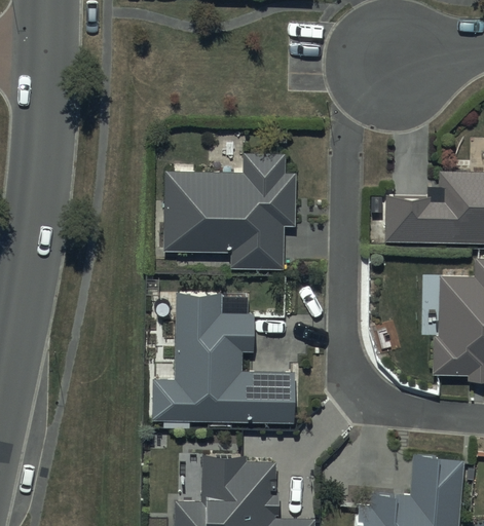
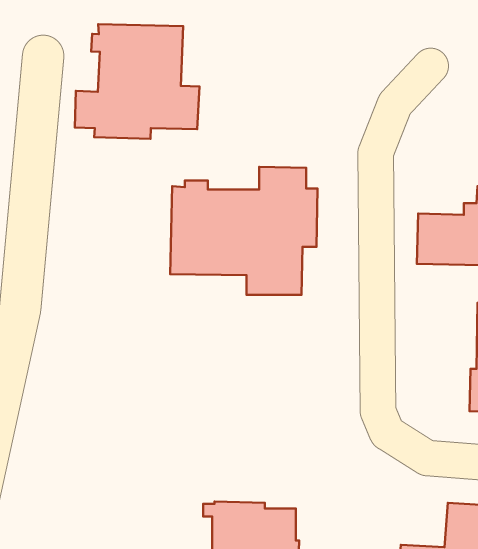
building: none -> [75,24,200,139]
building: [152,296,294,423] -> none

